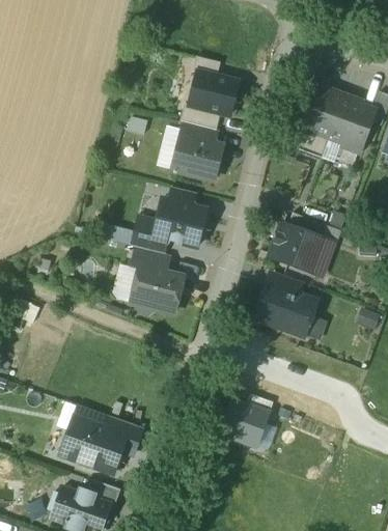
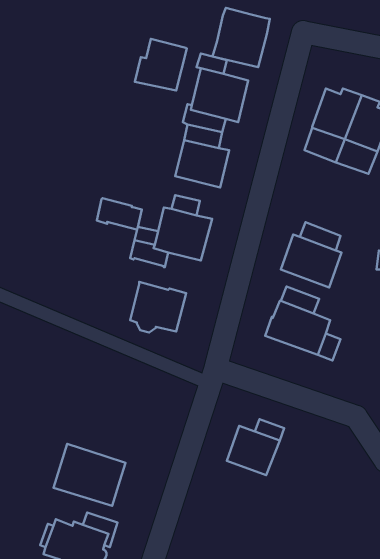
building: none -> [213,8,270,67]
building: none -> [135,39,187,90]
building: [130,245,171,274] -> [97,198,142,230]
building: [108,416,142,454] -> none

